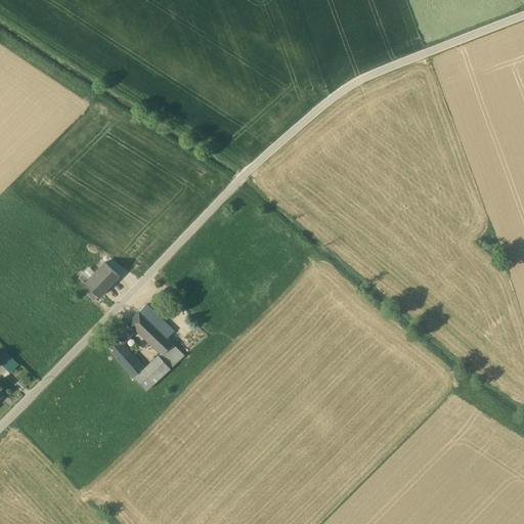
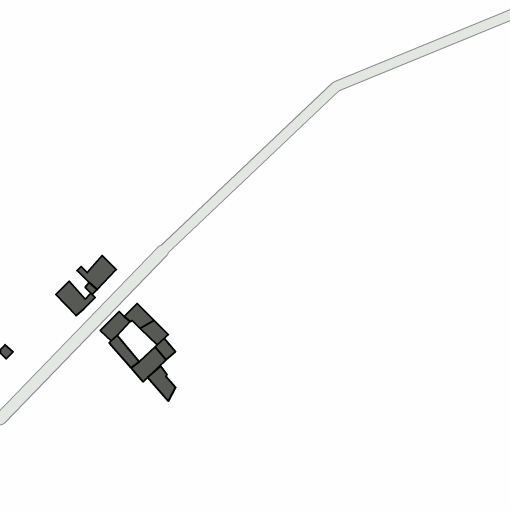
building: none -> [56,281,95,316]
building: none -> [148,366,176,401]

